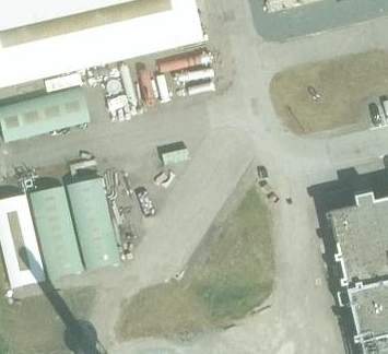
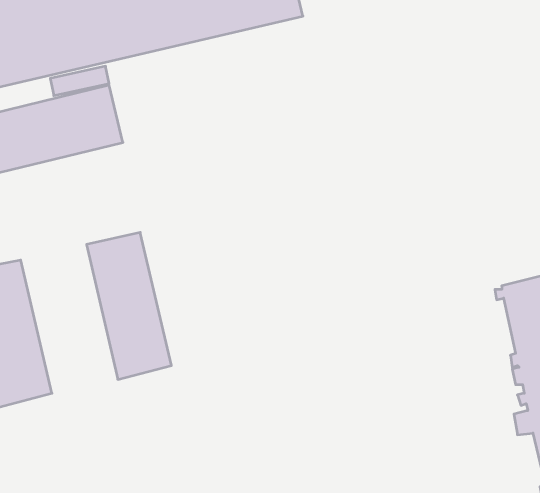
building: [31,186,84,278] -> none

